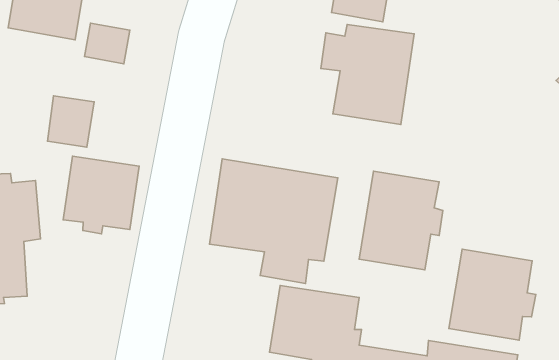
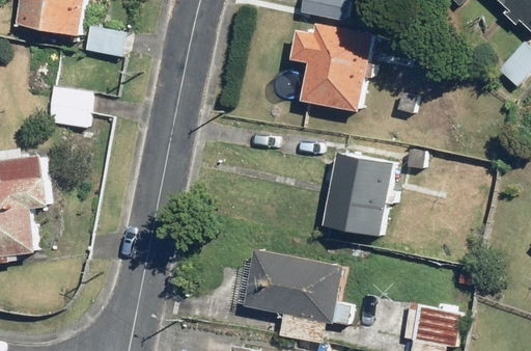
building: [63,156,139,234] -> none
building: [209,159,338,284] -> none
building: [449,249,536,340] -> none

